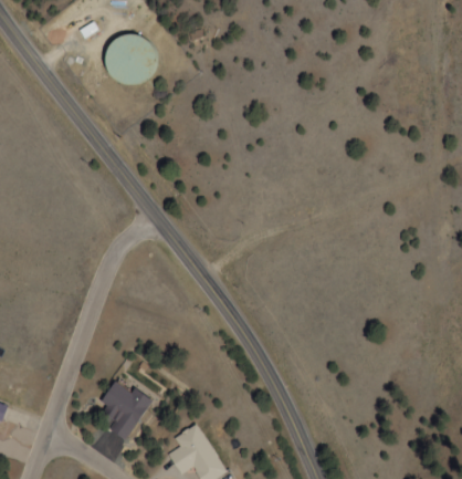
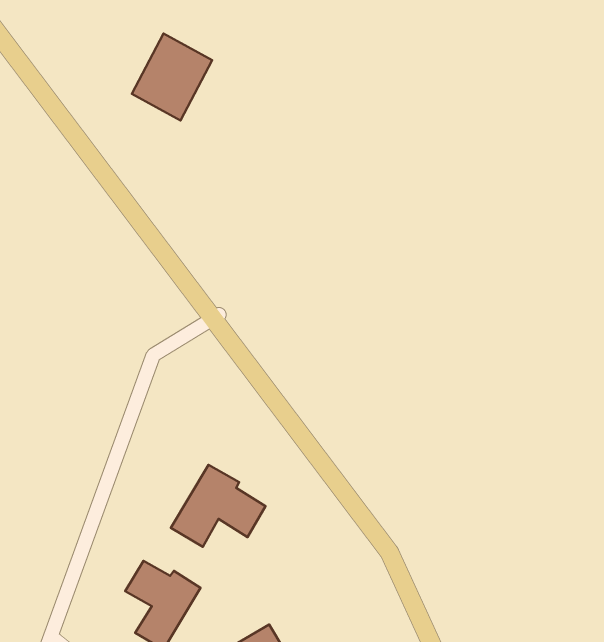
building: none -> [171,465,266,547]

